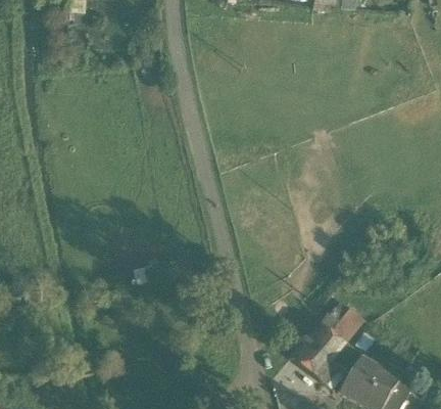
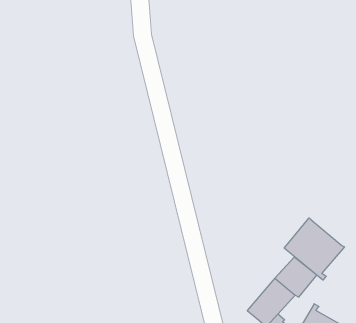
building: none -> [284,218,344,280]

